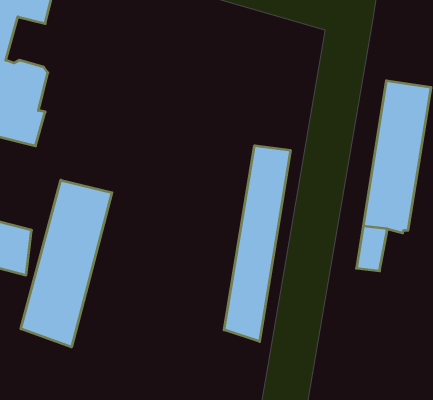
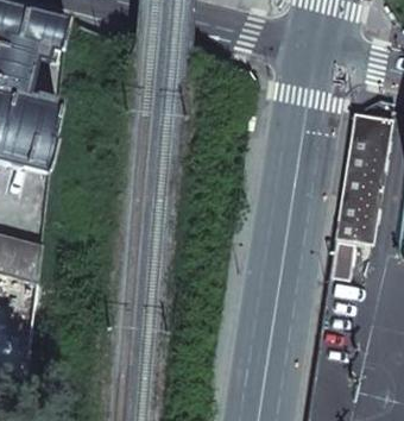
building: [224,146,290,342] -> none
building: [21,180,112,347] -> none

